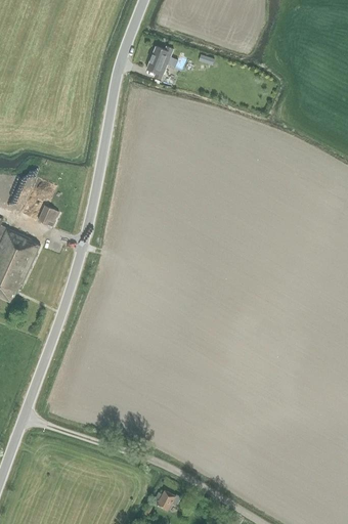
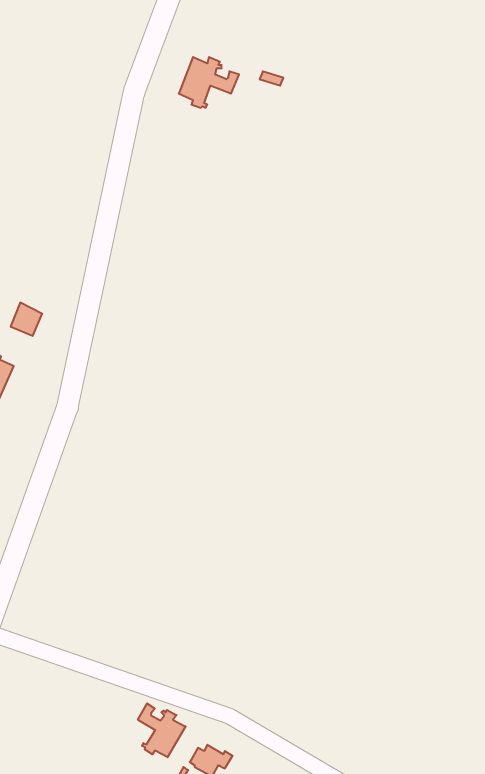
building: none -> [138,703,186,757]

